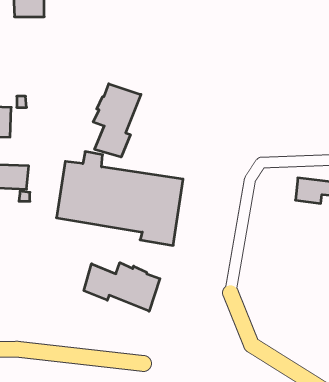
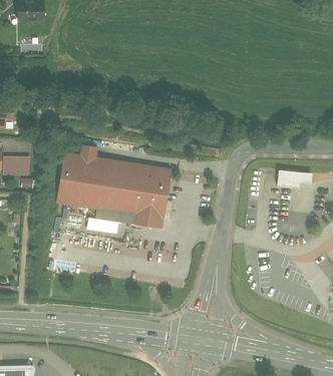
building: [93,84,141,157] -> none
building: [84,263,160,311] -> none

